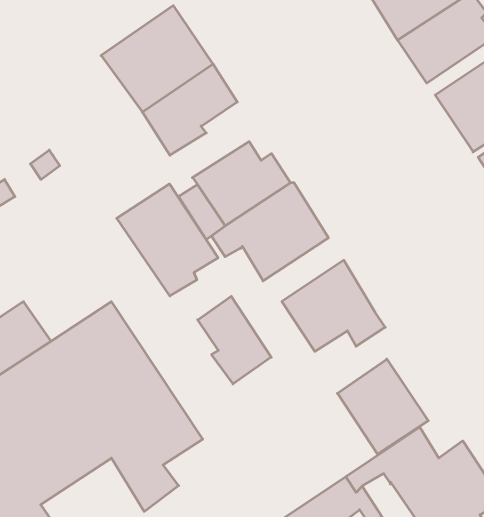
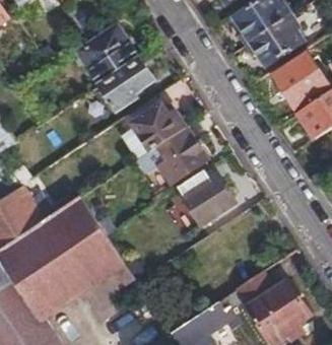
building: [117,184,218,296] -> none
building: [198,296,271,384] -> none
building: [337,359,428,454] -> none

